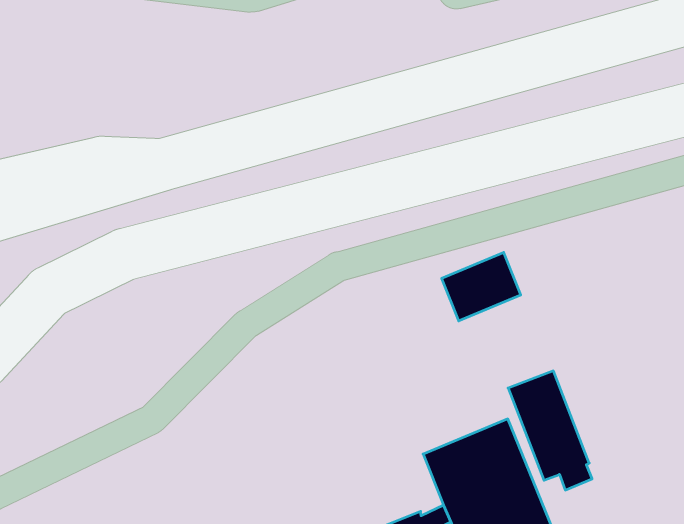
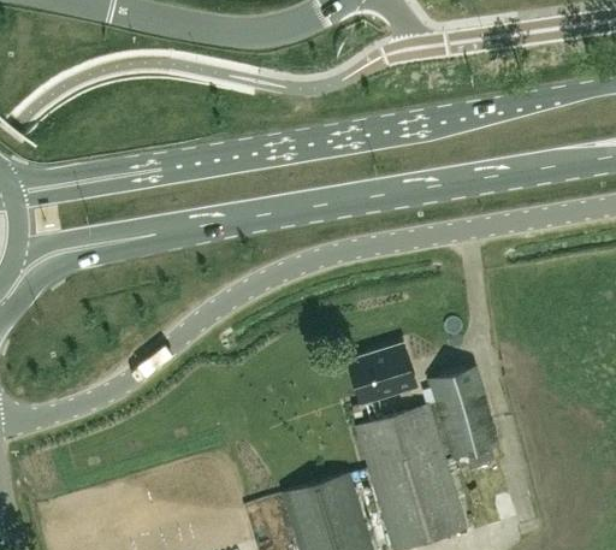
building: [442,252,521,321] -> [351,348,415,401]

